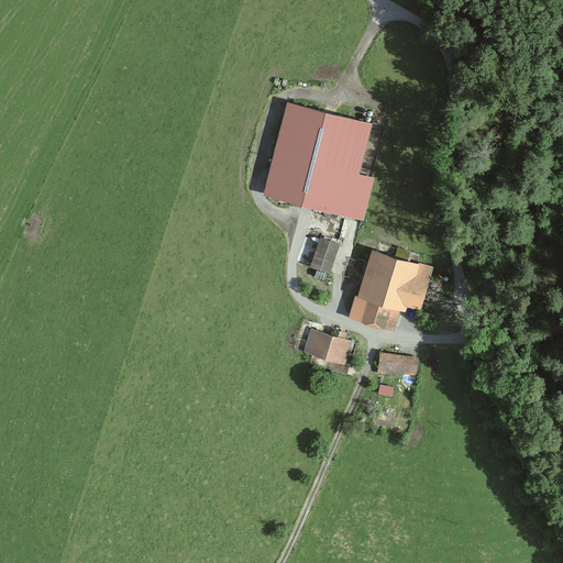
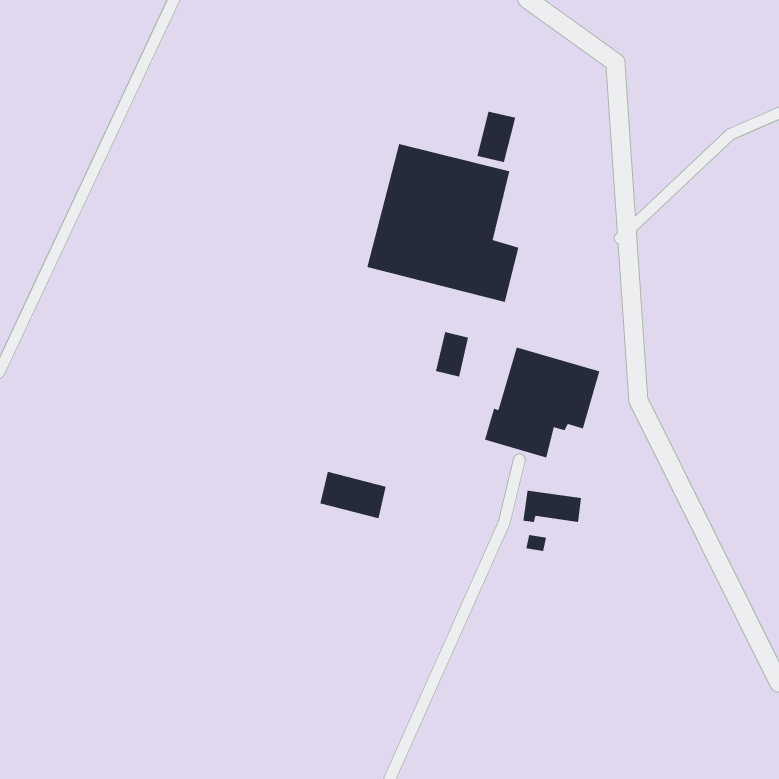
building: none -> [477,111,516,163]
building: [305,331,353,365] -> [319,471,387,519]

